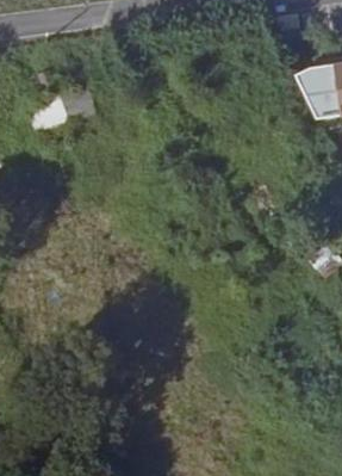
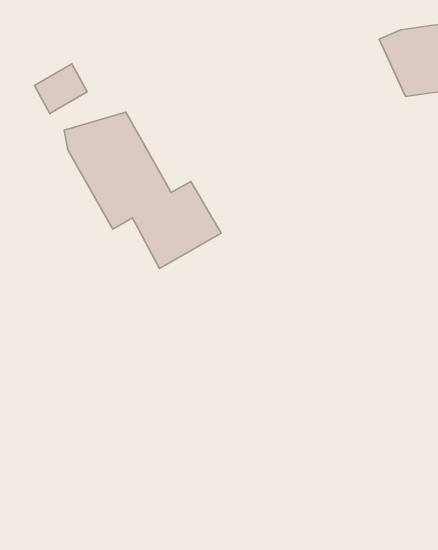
building: none -> [64,112,221,268]

